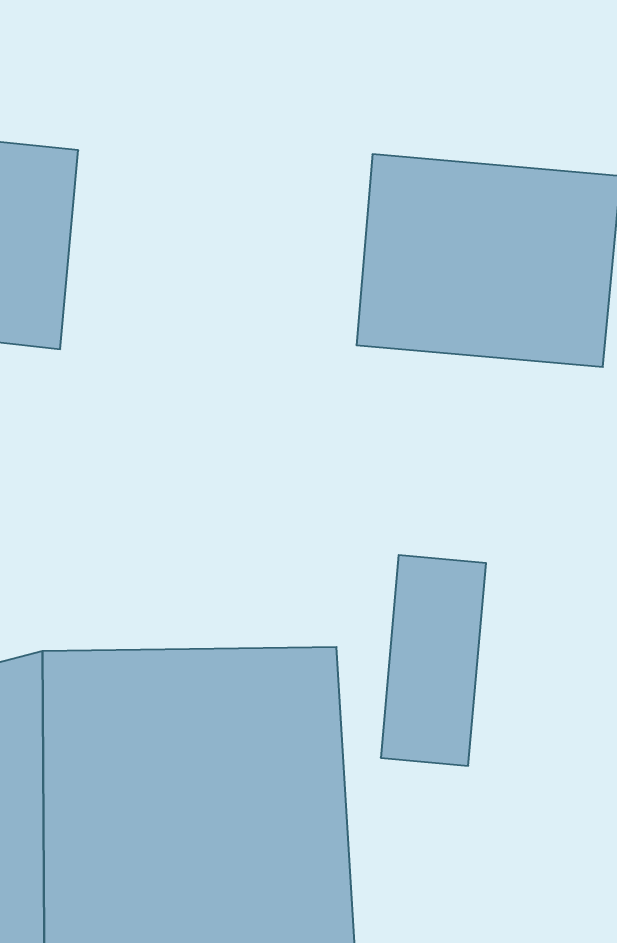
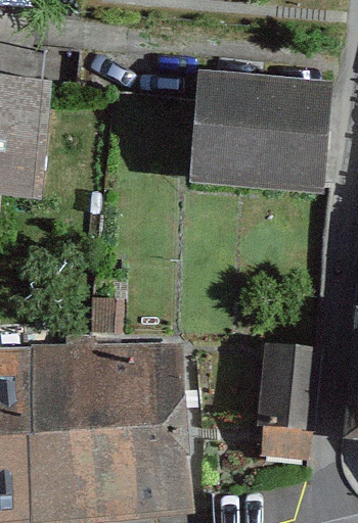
building: [381,555,486,766] -> [263,346,317,455]

